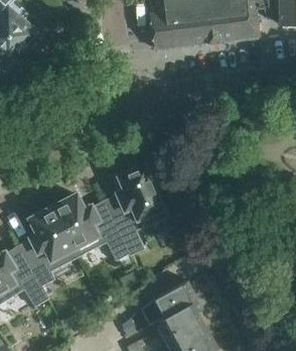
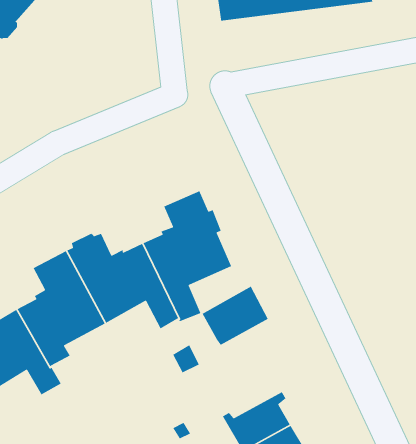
building: [153,280,199,322] -> [201,286,269,346]

